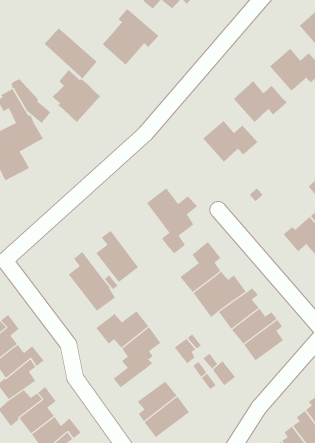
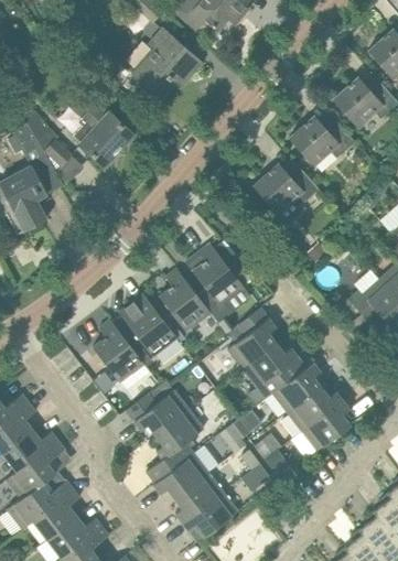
building: [44,27,97,79] -> none
building: none -> [160,268,211,331]
building: none -> [153,444,219,498]

